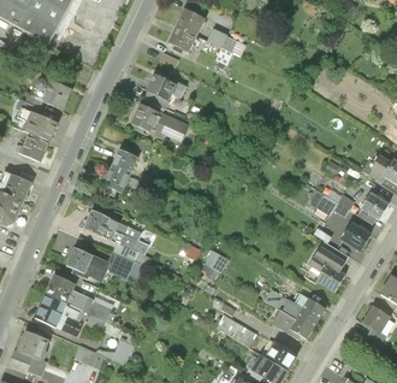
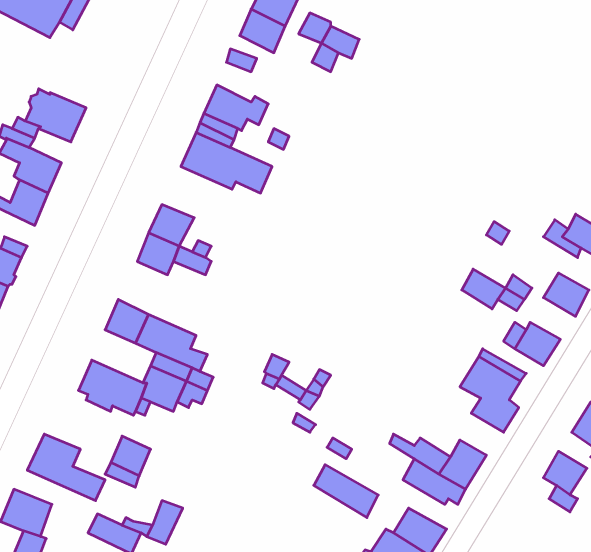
building: [45,273,76,304] -> none

